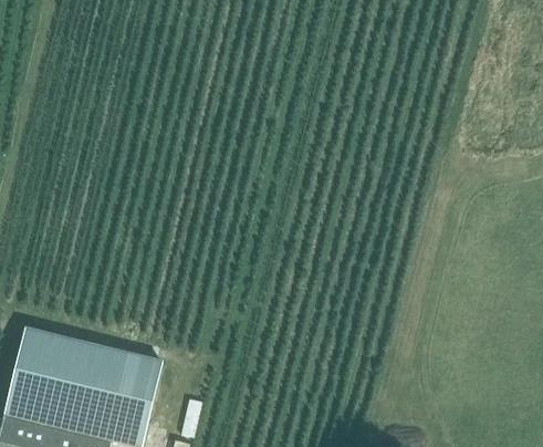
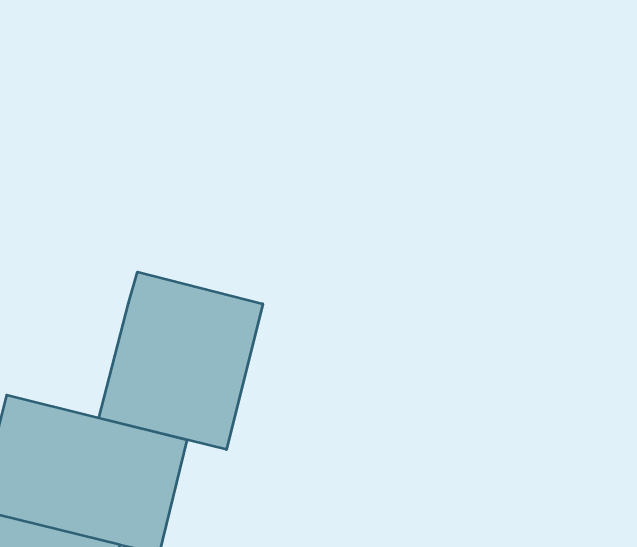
building: none -> [99,272,263,450]

